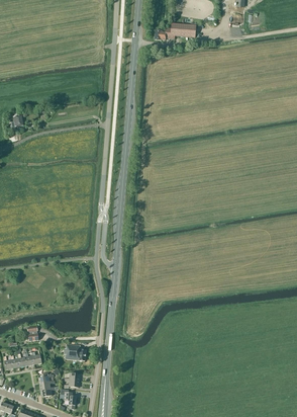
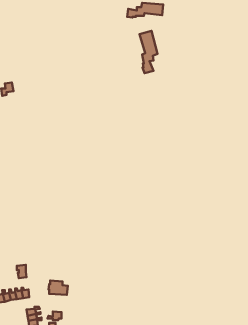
building: none -> [140,31,158,73]

